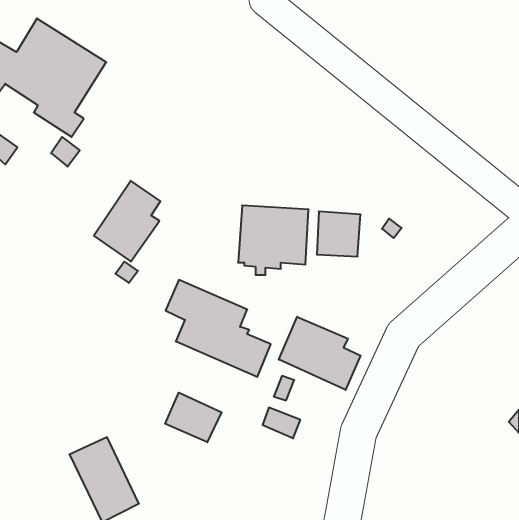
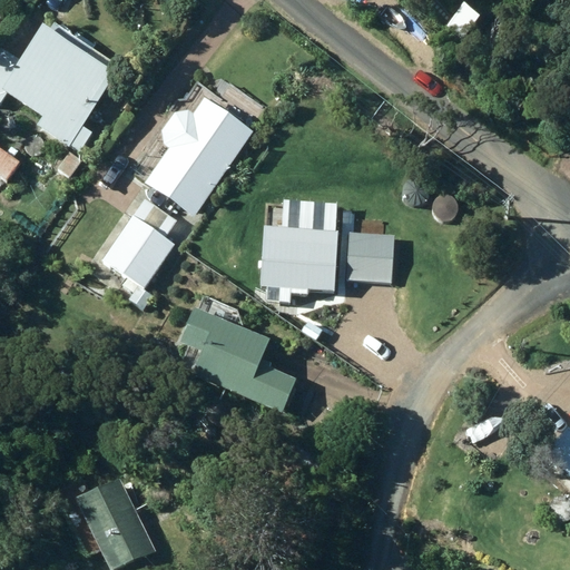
building: none -> [144,90,253,218]
building: [279,317,361,390] -> none
building: [165,393,222,442] -> none

